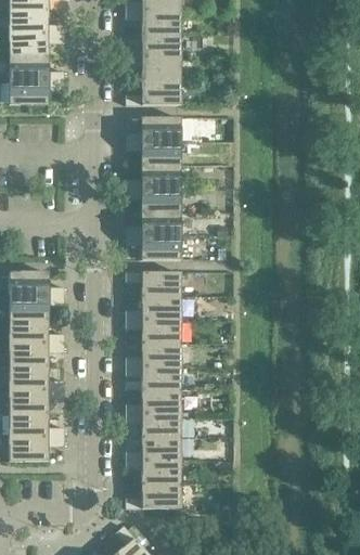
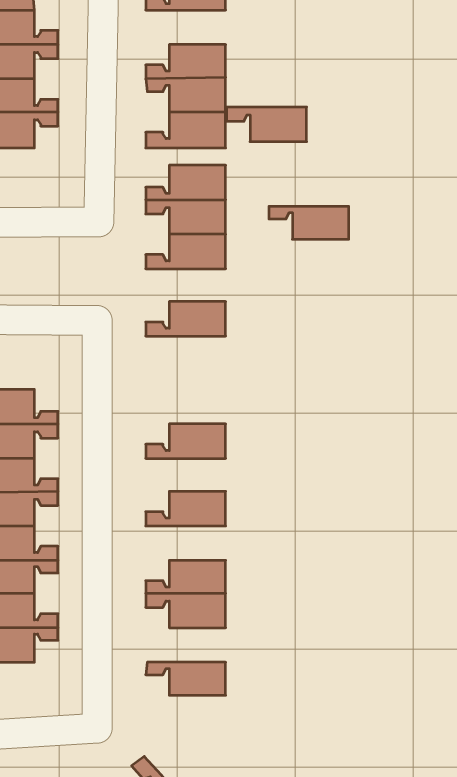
building: [125,9,180,33] -> [227,107,307,142]
building: [125,188,180,210] -> [269,206,349,239]
building: [125,234,180,258] -> none
building: [125,271,180,295] -> none
building: [125,319,180,341] -> none
building: [125,365,180,389] -> none
building: [126,436,180,460] -> none
building: [125,482,180,507] -> none

